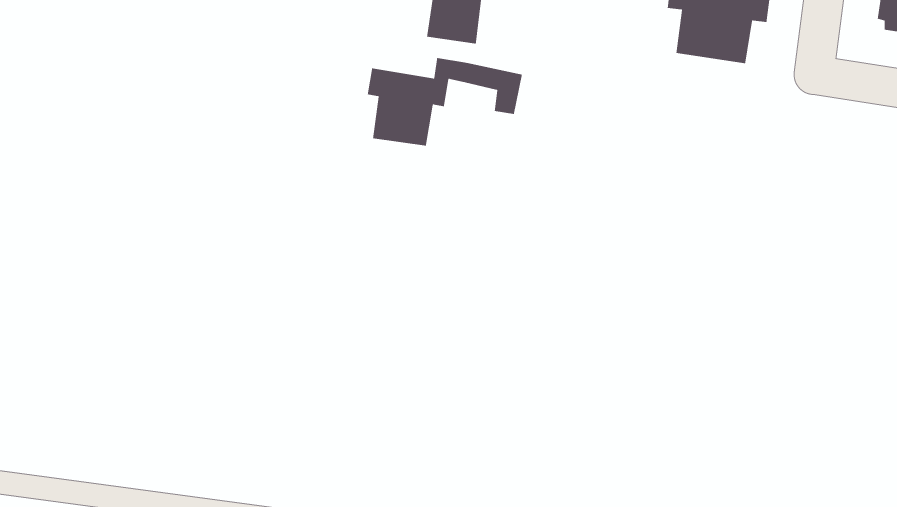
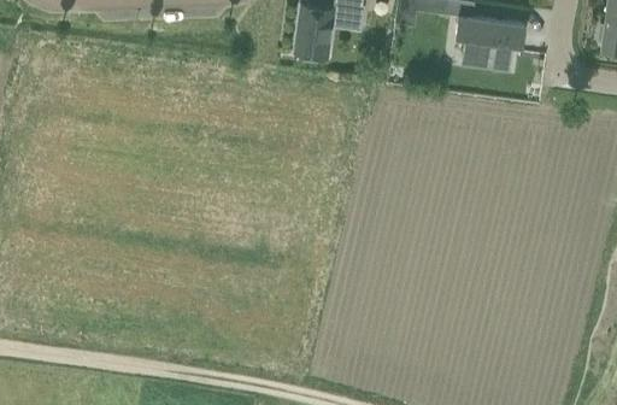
building: [367,57,523,146] -> none

